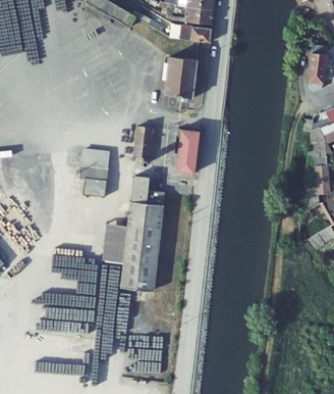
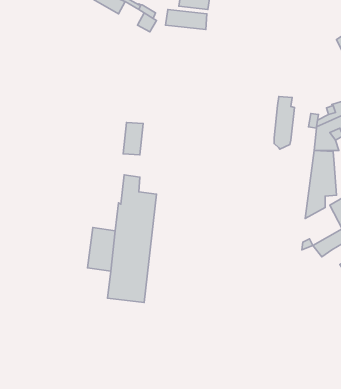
building: [308,44,326,92] -> [274,96,294,149]
building: [165,57,197,100] -> none
building: [176,129,200,173] -> none
building: [71,148,110,196] -> none

